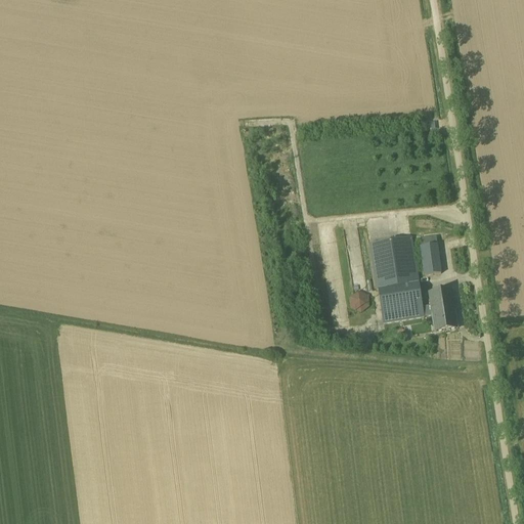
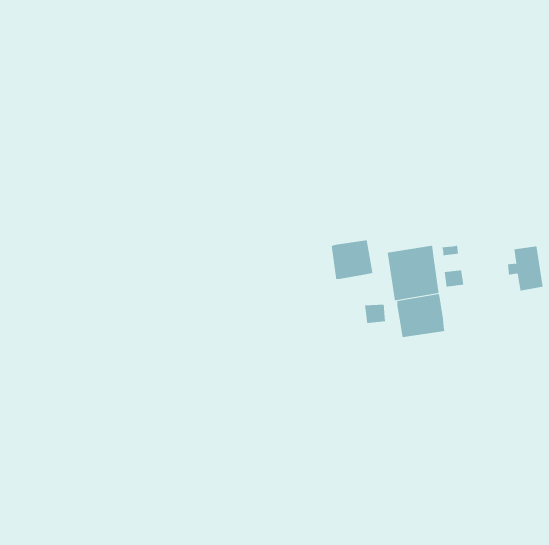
building: none -> [331,239,373,280]
building: [423,287,457,330] -> [507,246,544,291]

